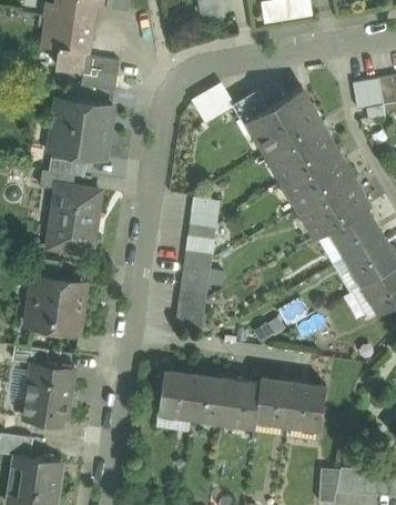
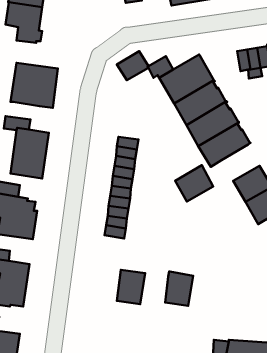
building: [81,58,119,92] -> none
building: [49,152,88,178] -> none
building: [331,209,382,257] -> [175,165,213,202]
building: [158,371,196,417] -> none
building: [222,381,260,427] -> none
building: [286,384,326,430] -> none

